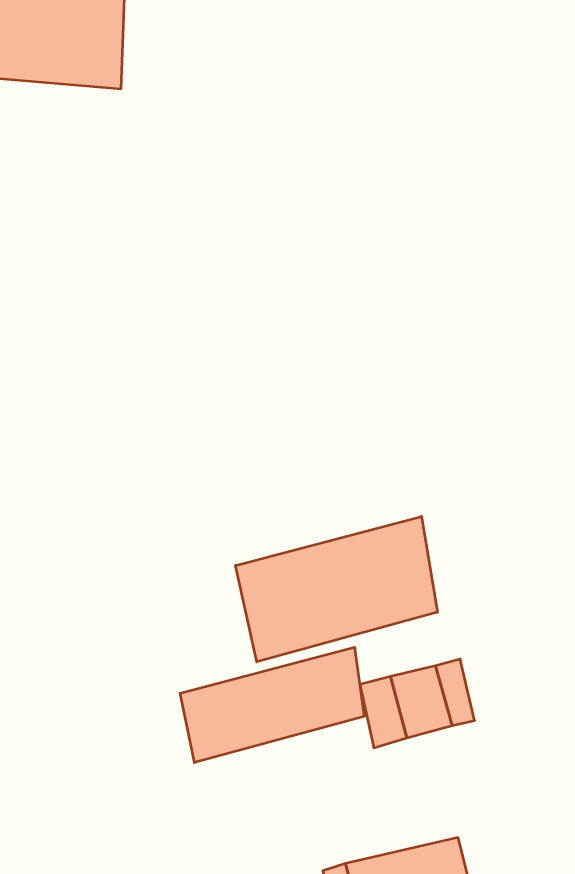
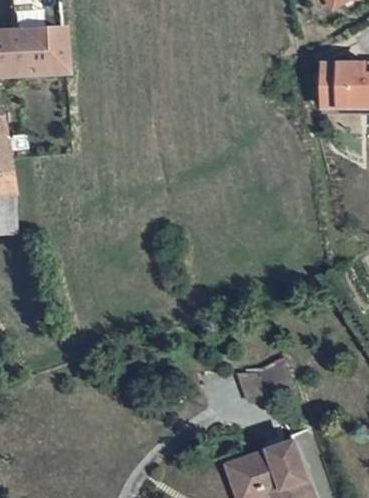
building: [236,516,437,662] -> none
building: [180,647,364,763] -> none

